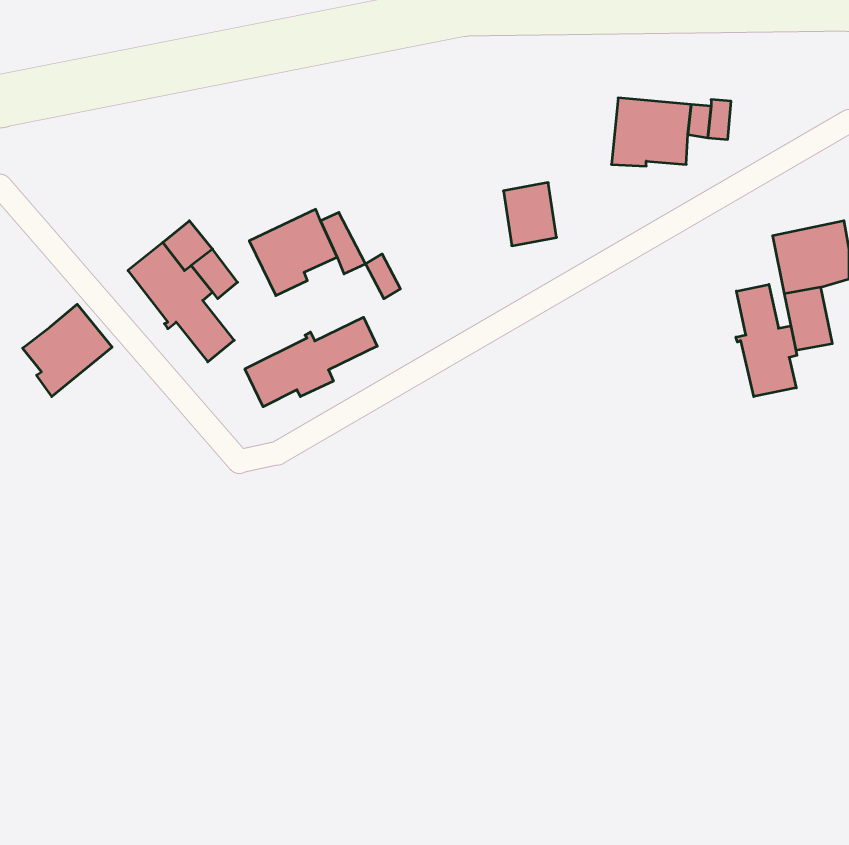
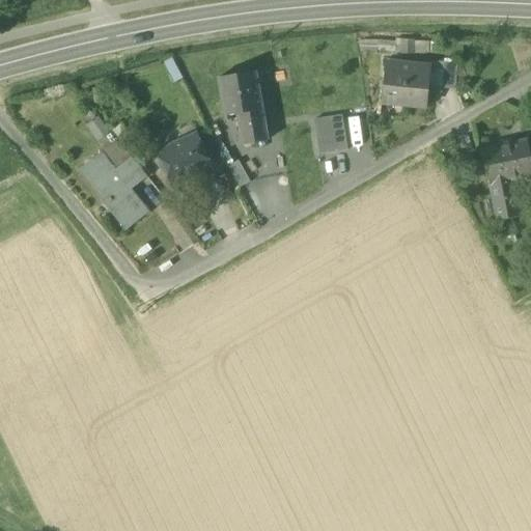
building: none -> [218,69,268,143]
building: [736,284,797,397] -> none
building: [23,304,112,397] -> none
building: [245,317,377,407] -> none

